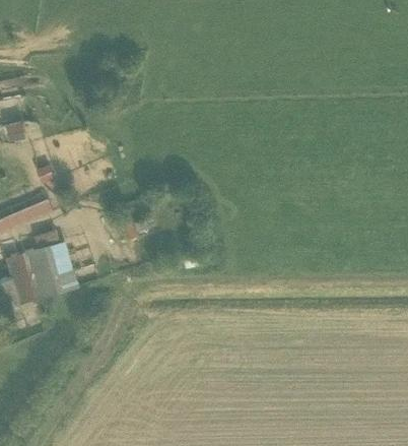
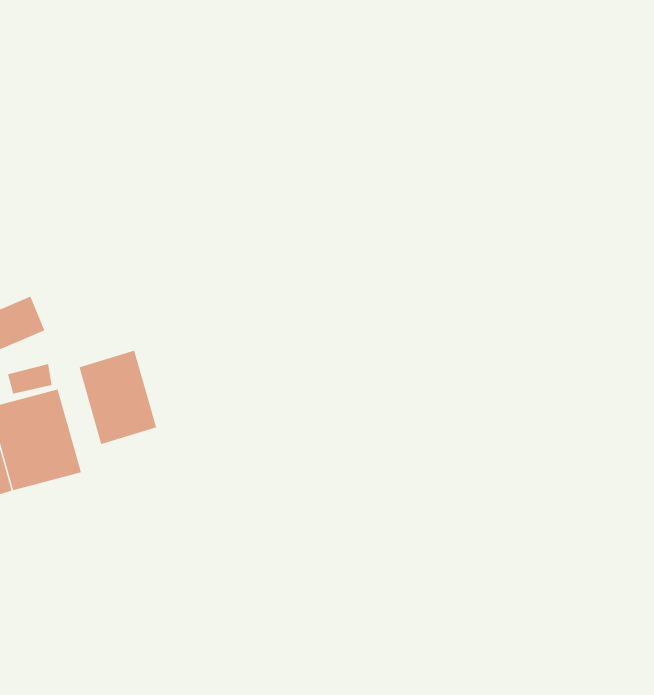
building: none -> [79,350,157,445]

